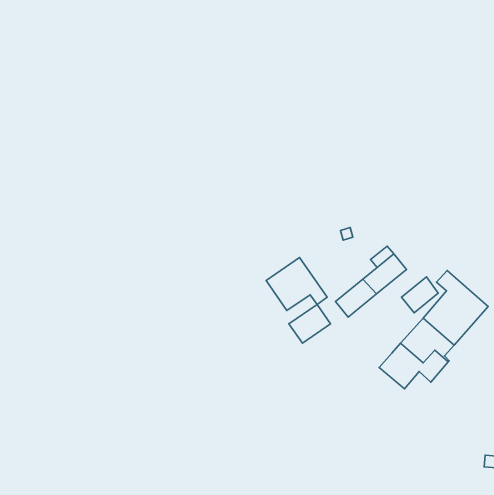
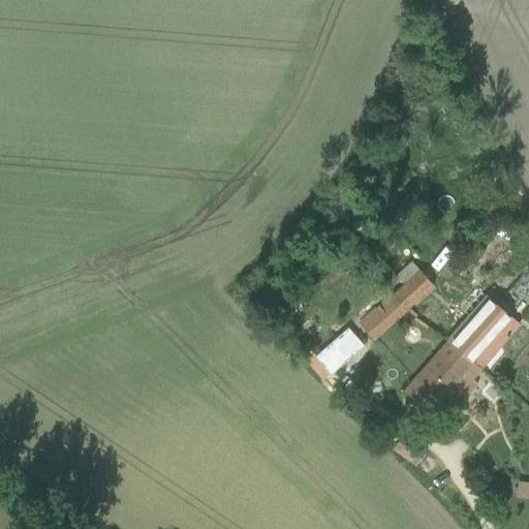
building: [266,258,327,311] -> none
building: [401,277,438,313] -> none

